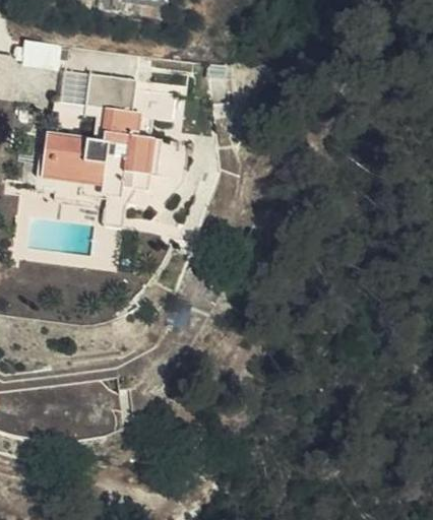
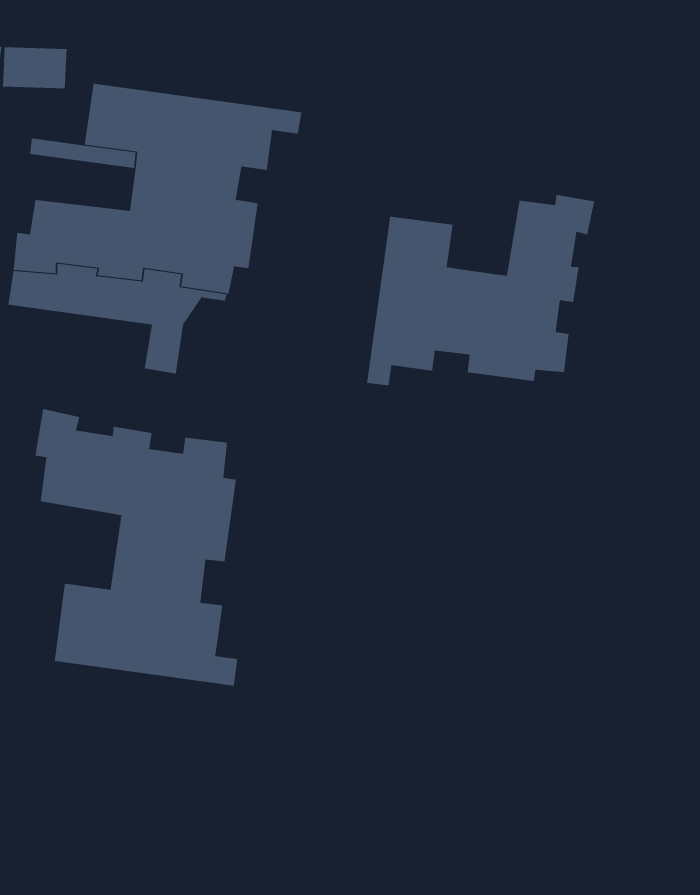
building: none -> [367,194,595,386]
building: none -> [35,408,238,686]

